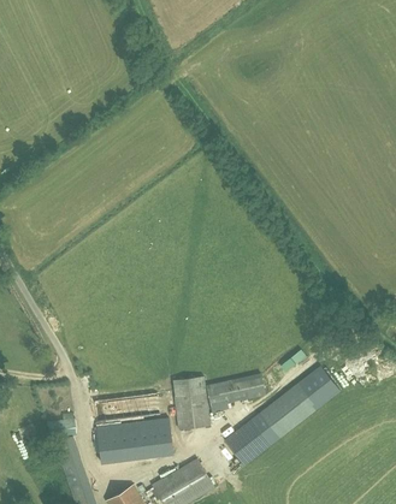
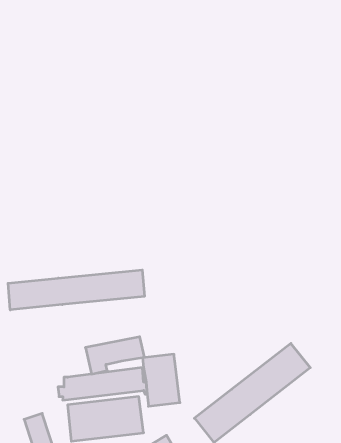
building: none -> [8,270,144,310]
building: [206,374,265,411] -> [85,337,145,374]

